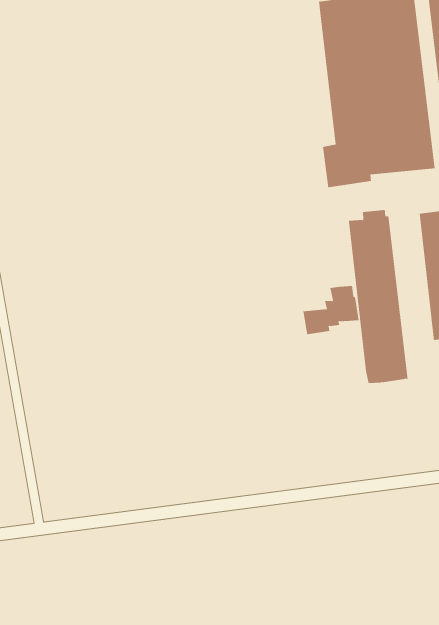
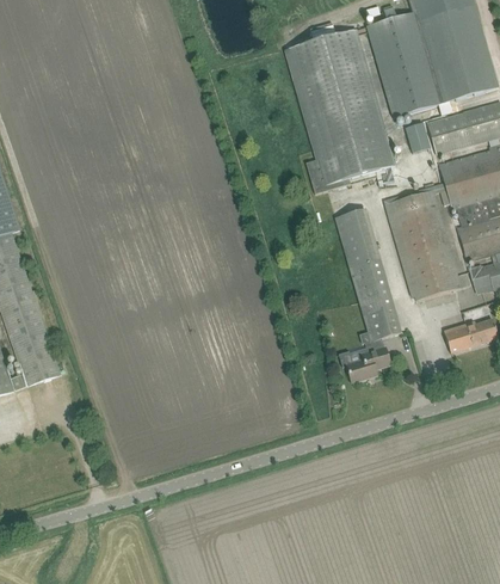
building: [303,286,360,335] -> [345,338,390,382]

